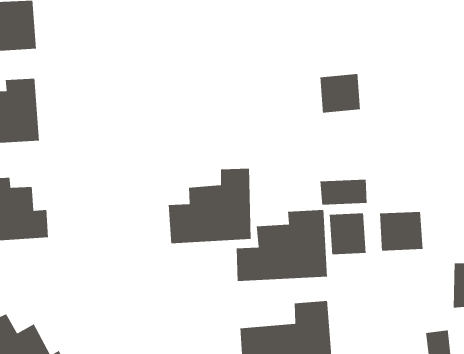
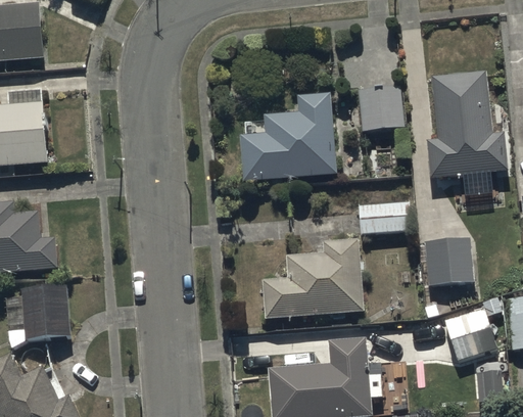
building: none -> [427,72,508,177]
building: [168,168,252,244] -> [240,94,333,179]
building: [329,213,366,255] -> none
building: none -> [20,285,68,338]
building: none -> [442,308,494,362]

